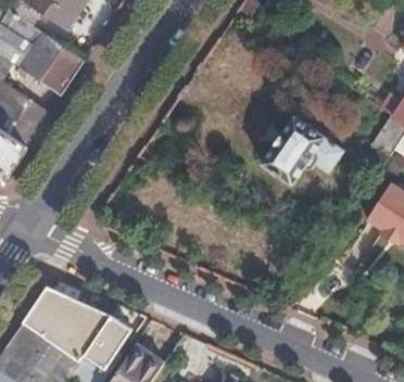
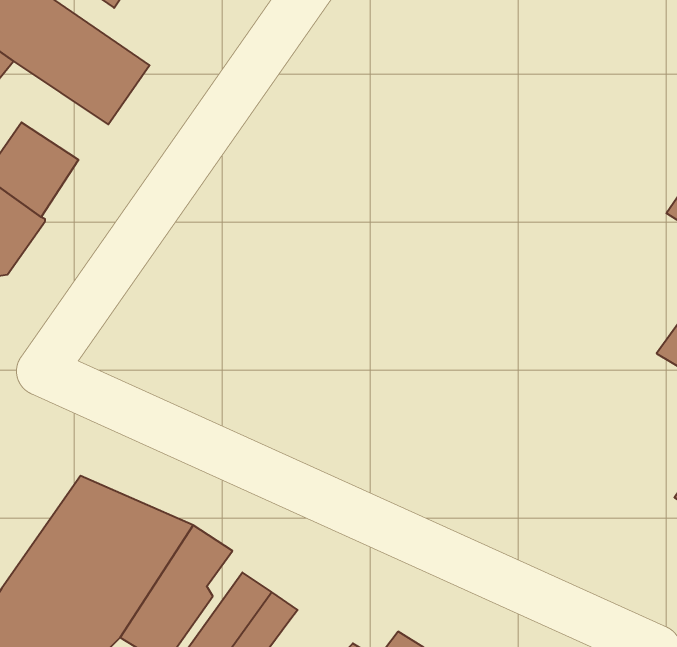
building: [261,115,342,183] -> none

